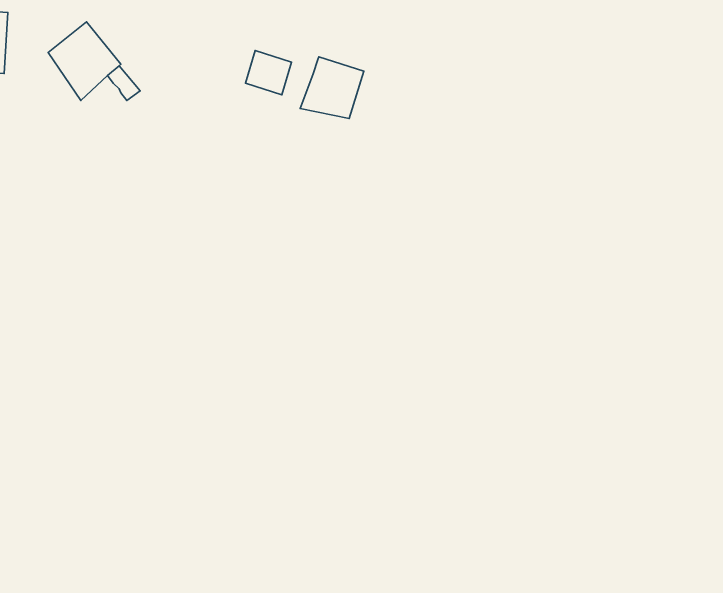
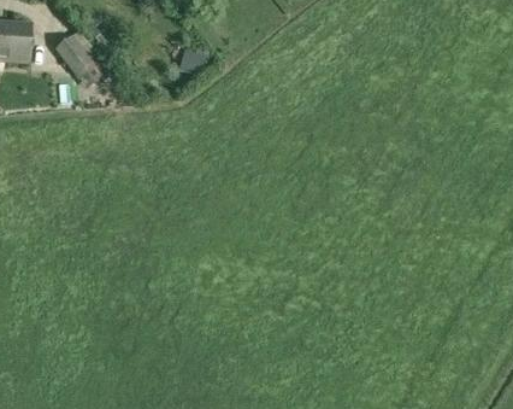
building: [300,57,364,119] -> none

